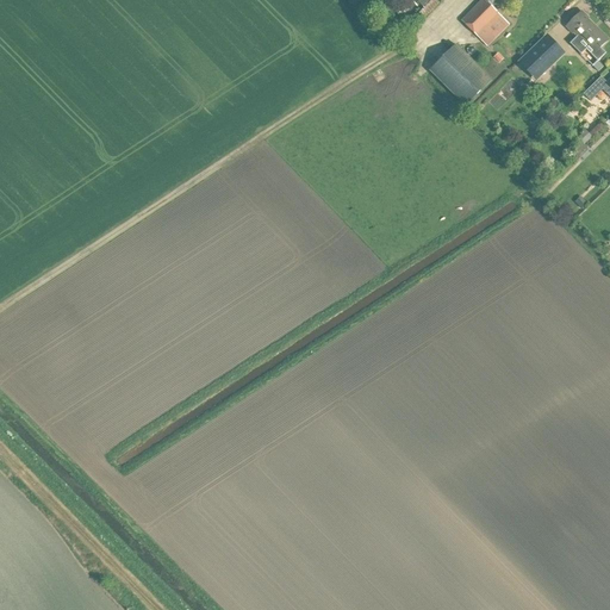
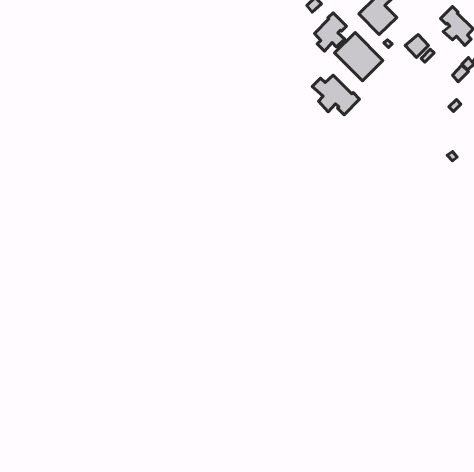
building: none -> [314,13,347,51]
building: none -> [312,75,360,115]

